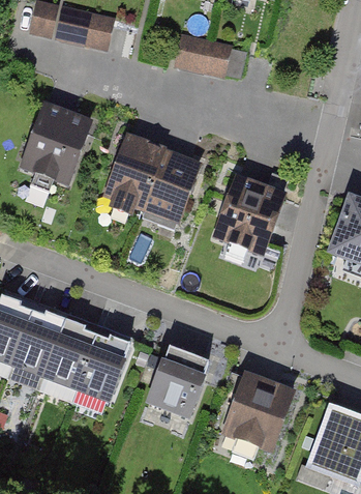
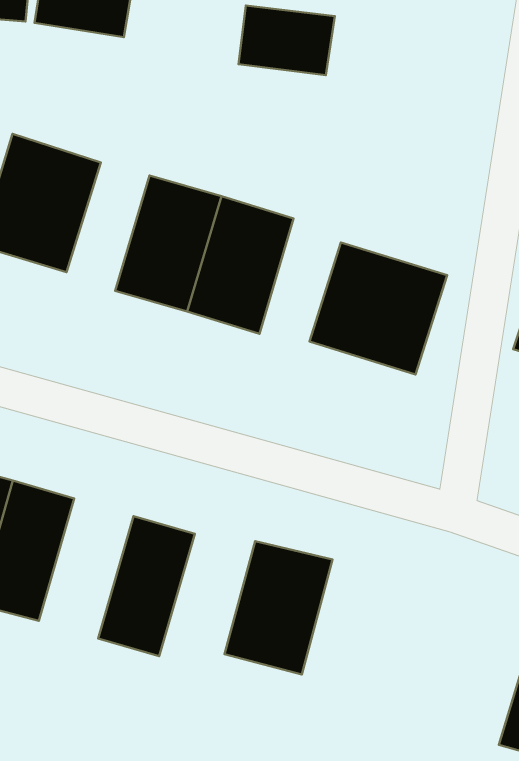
building: [38,316,97,399] -> none
building: [225,374,300,452] -> none

